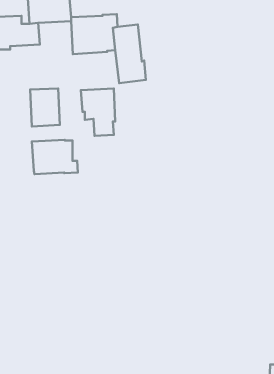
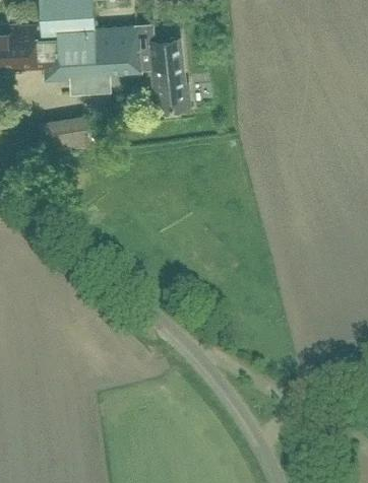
building: [81,88,115,136] -> [54,33,98,93]
building: [32,140,78,174] -> none

